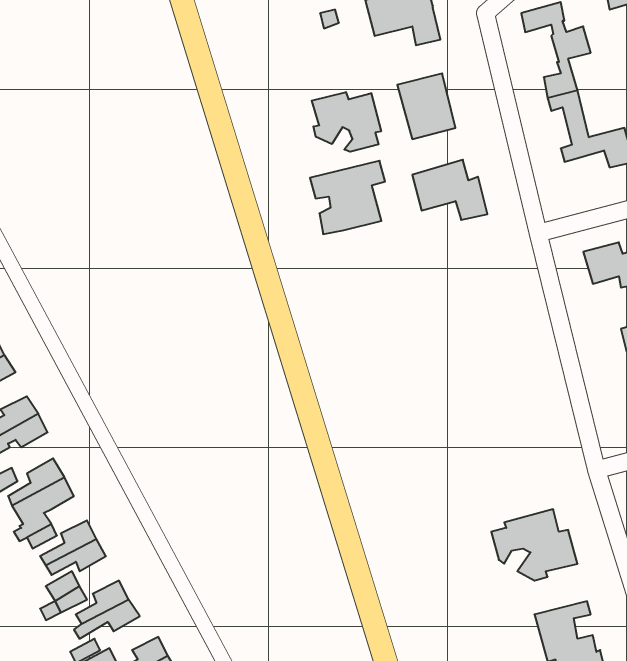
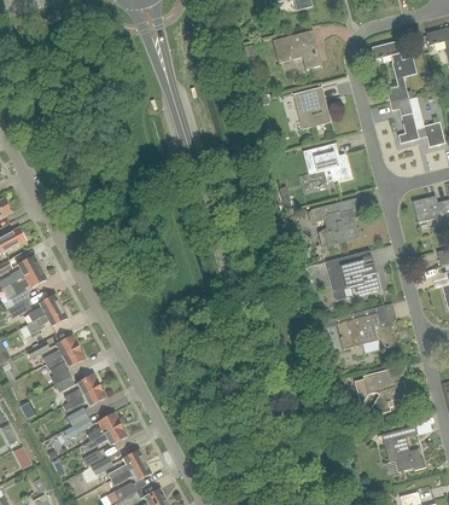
building: [312,92,381,152] -> none
building: [310,161,385,234] -> [311,197,360,244]
building: none -> [326,249,380,294]
building: none -> [316,307,395,349]

